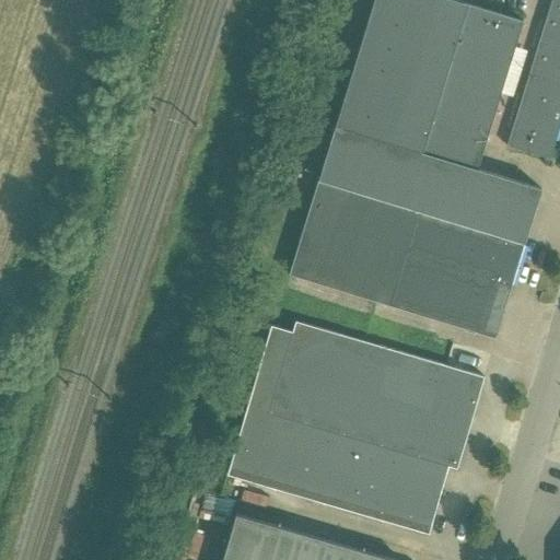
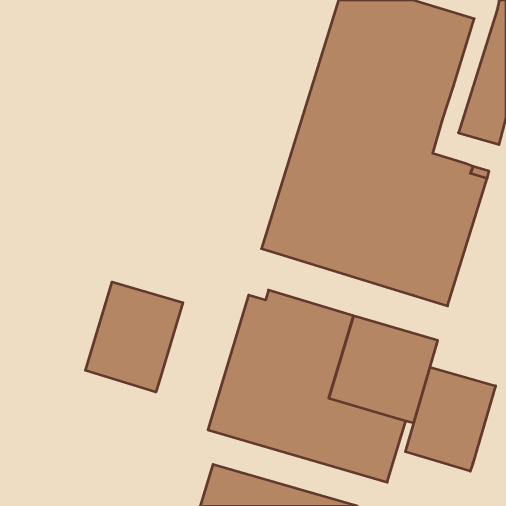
building: none -> [85,282,183,392]
building: none -> [405,367,496,471]

